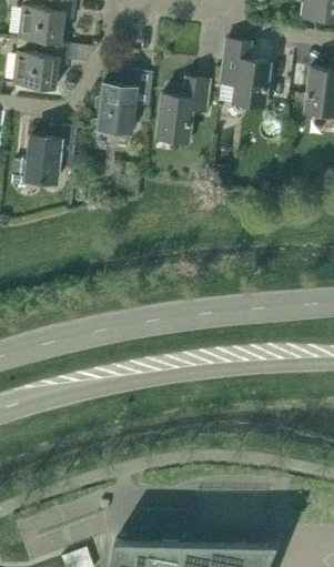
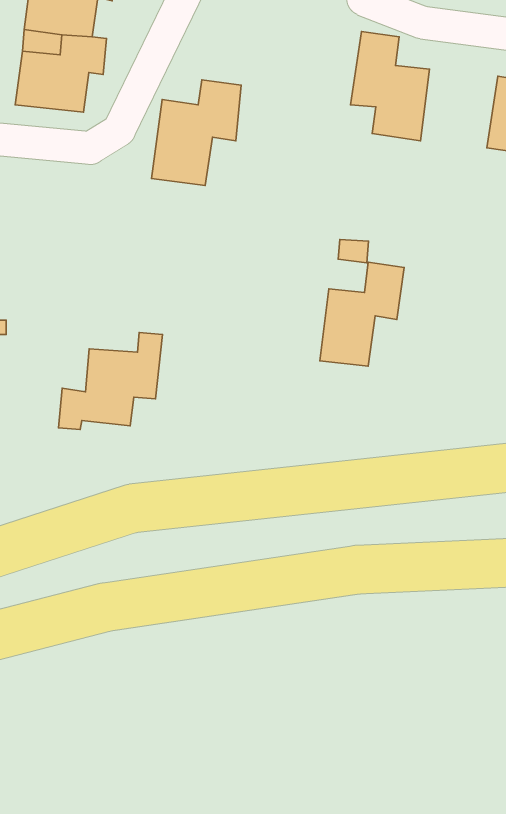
building: [158,77,210,141] -> [320,262,404,366]
building: [12,125,77,185] -> [59,333,163,429]

